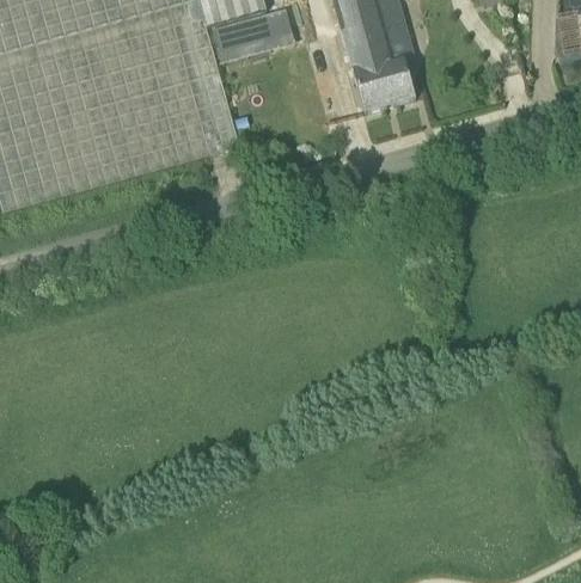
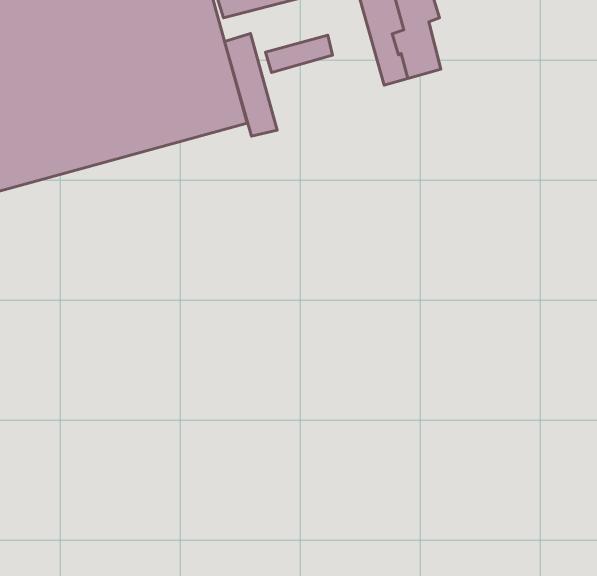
building: none -> [225,34,277,136]
building: none -> [266,35,333,73]

